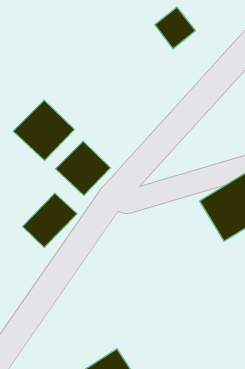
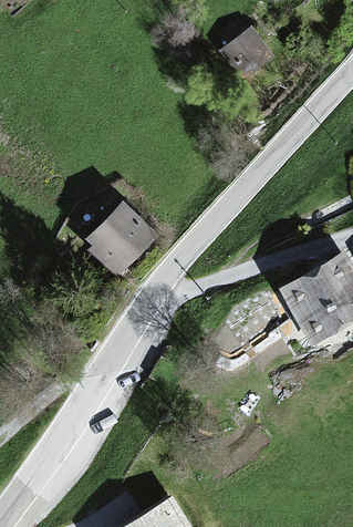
building: [13,100,74,160] -> none
building: [23,193,77,247] -> none

